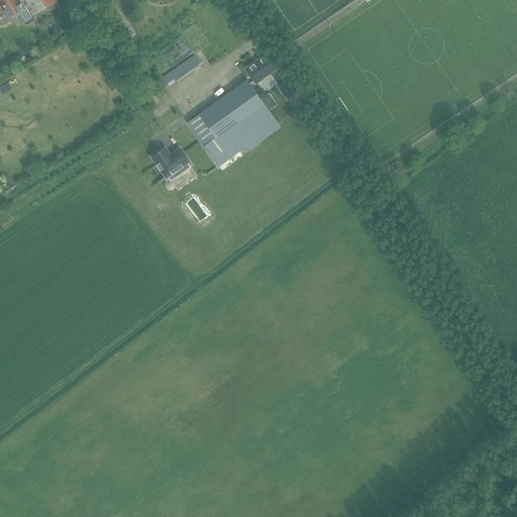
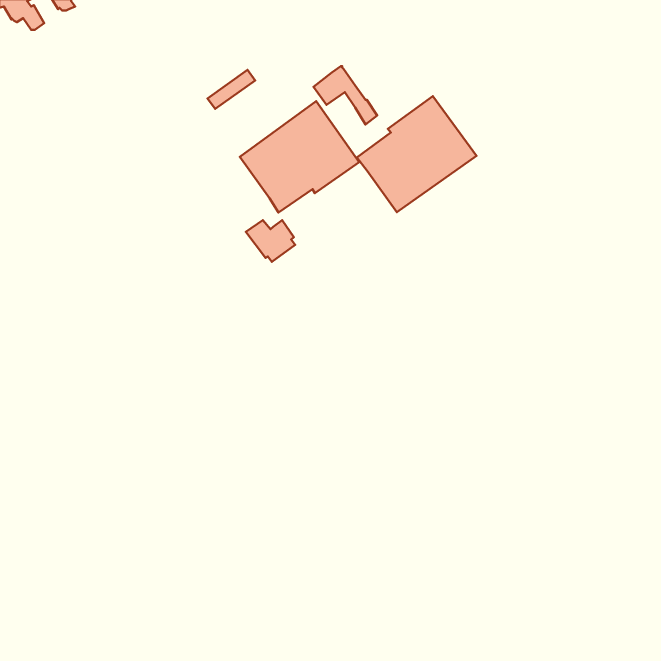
building: none -> [357,96,476,212]
building: [150,147,189,180] -> [246,220,295,262]

